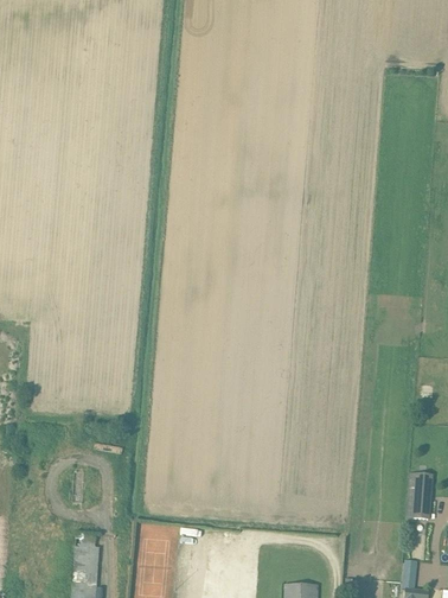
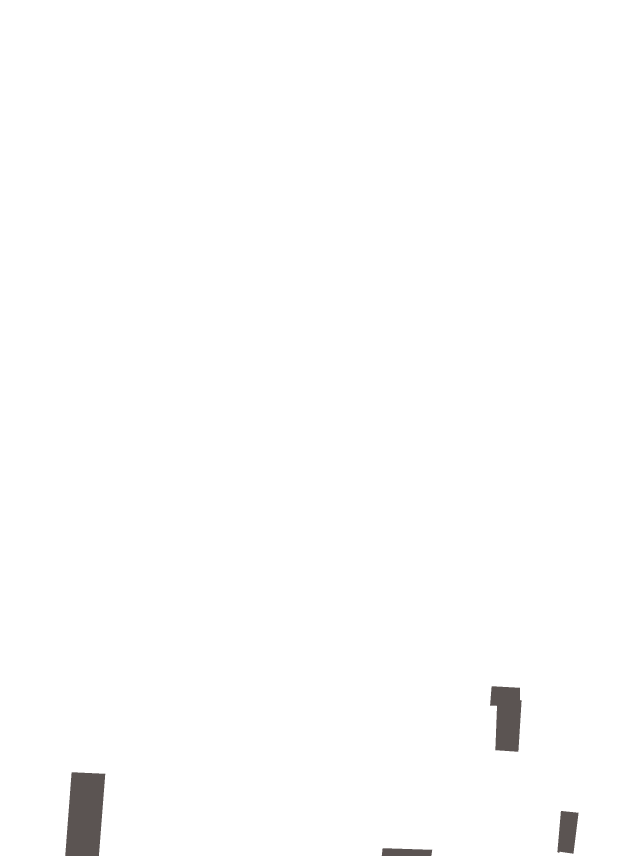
building: [408,473,430,519] -> [489,685,523,753]

